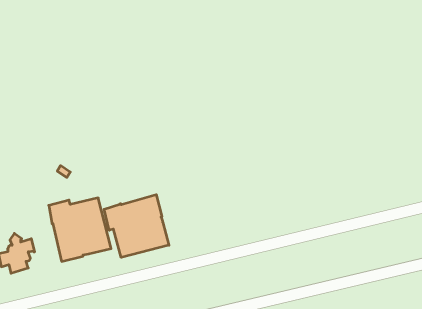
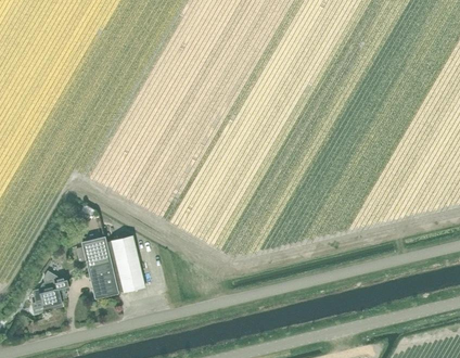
building: [104,195,169,257] -> none

